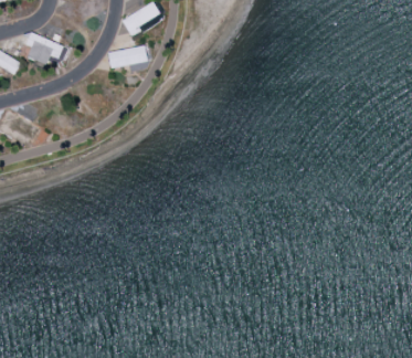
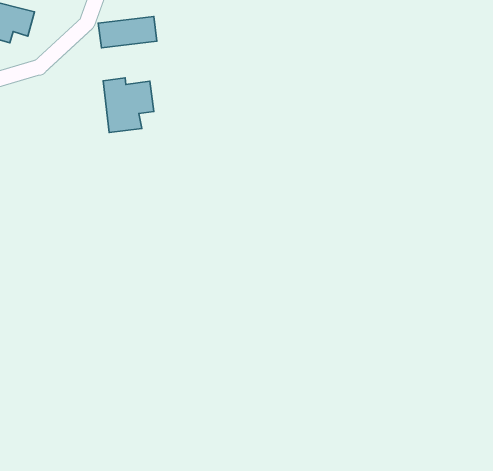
building: none -> [103,78,154,133]

